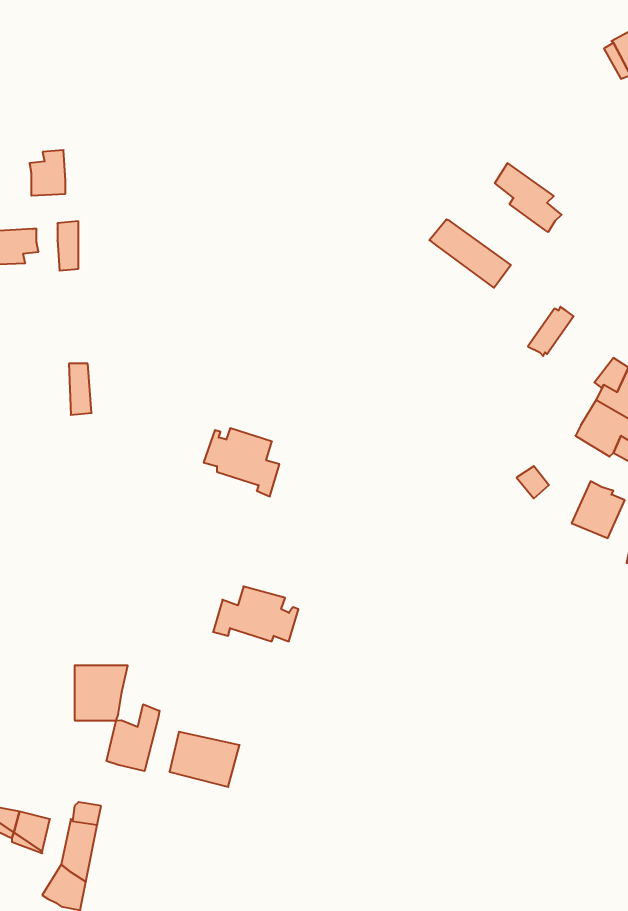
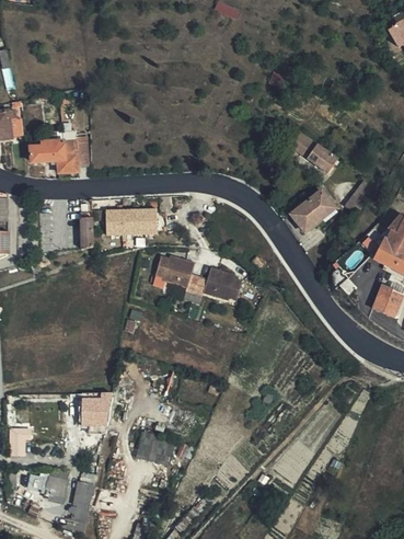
building: [29,150,65,196] -> [53,147,73,173]
building: [495,163,562,232] -> none
building: none -> [288,192,332,233]
building: none -> [106,207,158,232]
building: [213,586,298,641] -> [195,268,244,300]
building: [107,704,160,771] -> none

